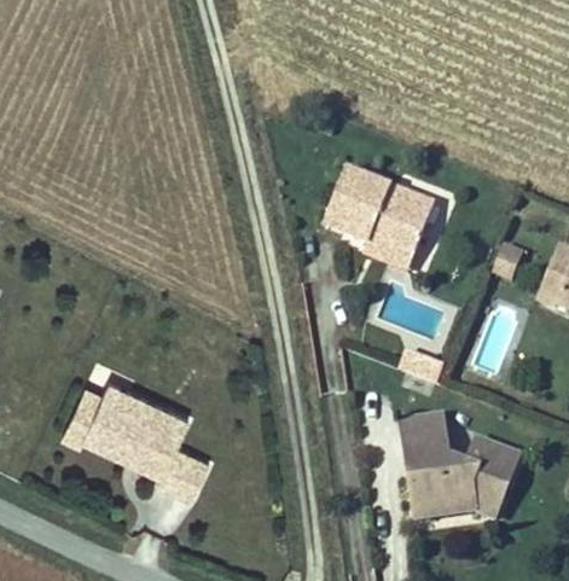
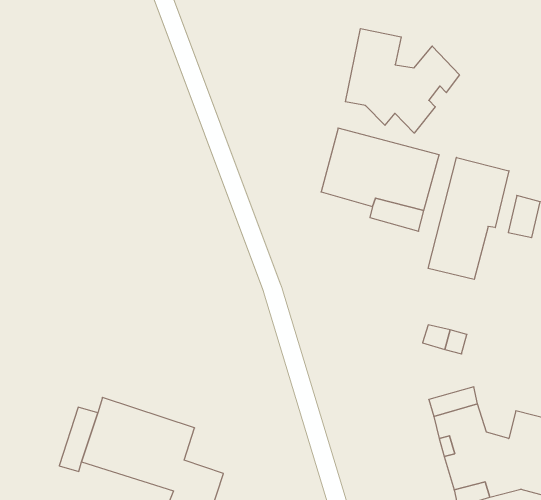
building: none -> [345,29,459,133]
building: none -> [428,157,509,279]

